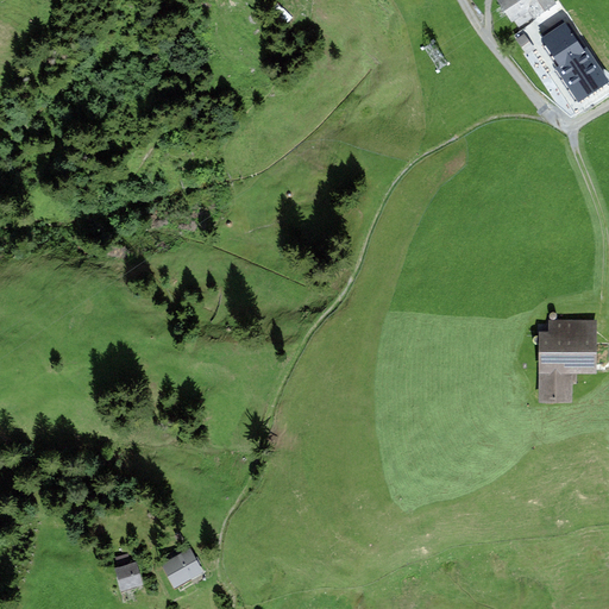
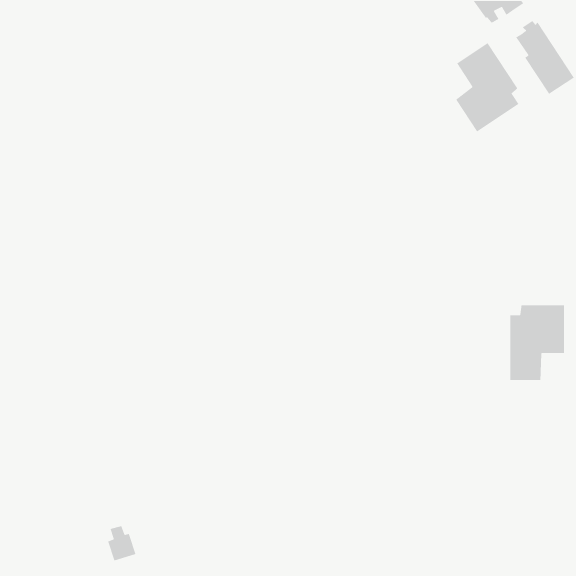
building: none -> [455,42,519,132]
building: [162,548,202,586] -> none

